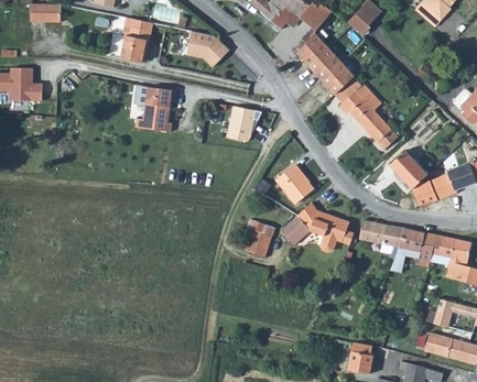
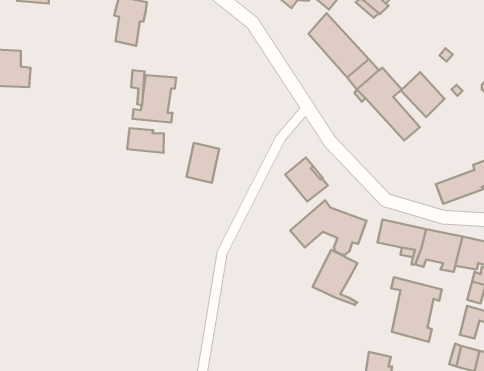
building: [189,32,234,68] -> none
building: [229,107,259,143] -> [186,143,219,183]
building: none -> [127,128,164,153]
building: [388,149,427,189] -> [401,72,444,117]
building: [243,219,274,258] -> none
building: none -> [313,250,357,305]
building: none -> [391,277,442,342]

